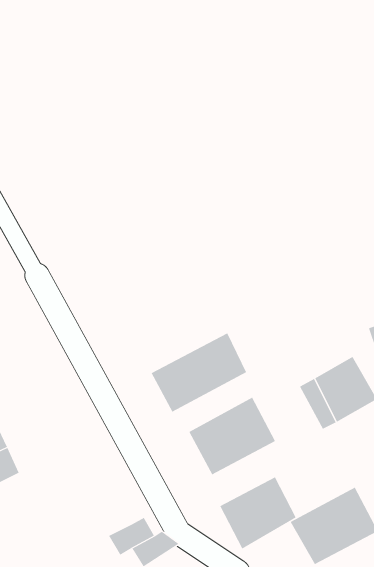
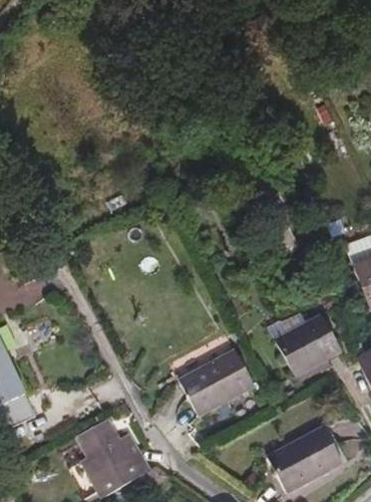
building: [151,332,247,413] -> none
building: [219,477,296,550] -> none
building: none -> [81,426,130,474]

